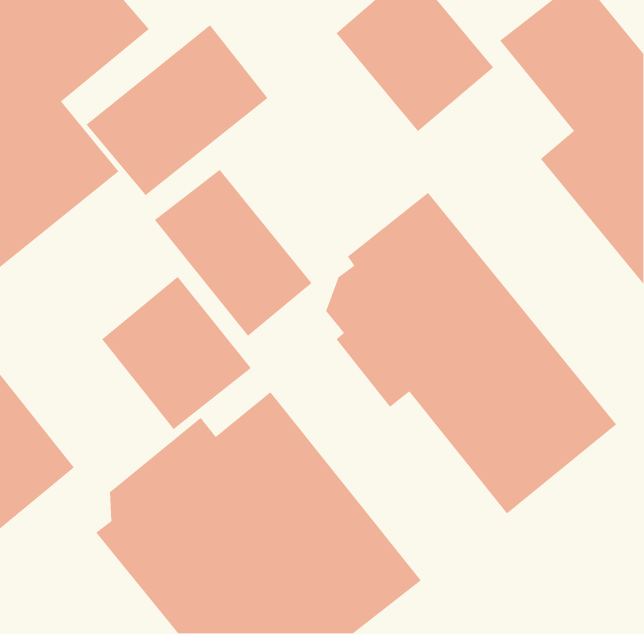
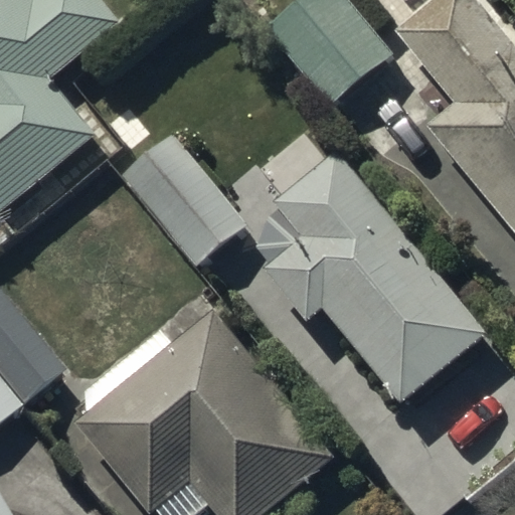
building: [85,24,268,196] -> none
building: [101,276,252,430] -> none

